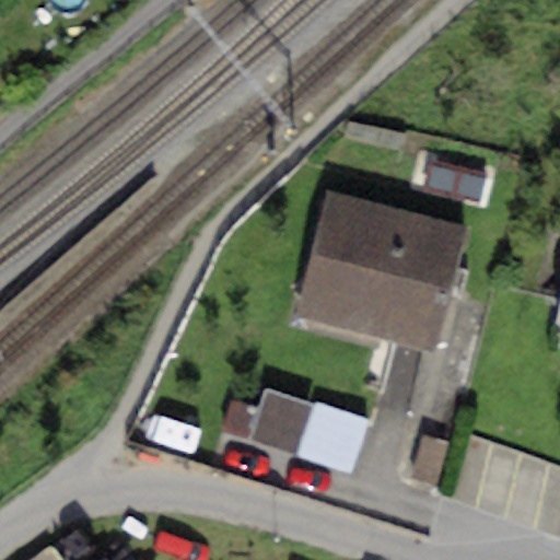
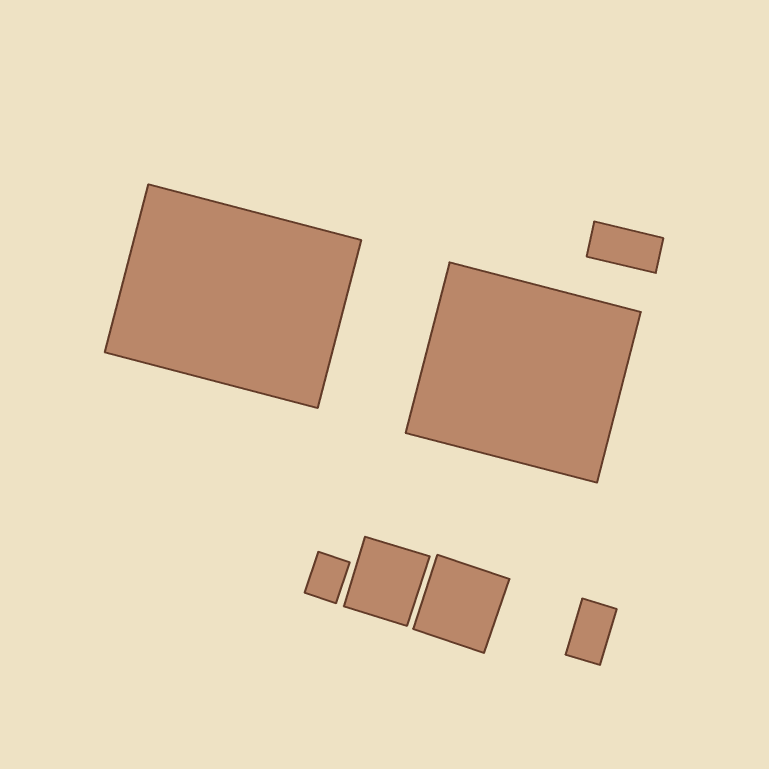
building: none -> [105,184,361,408]

